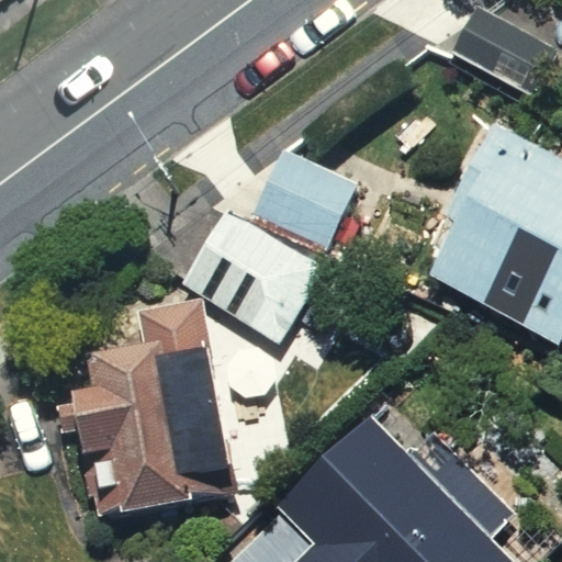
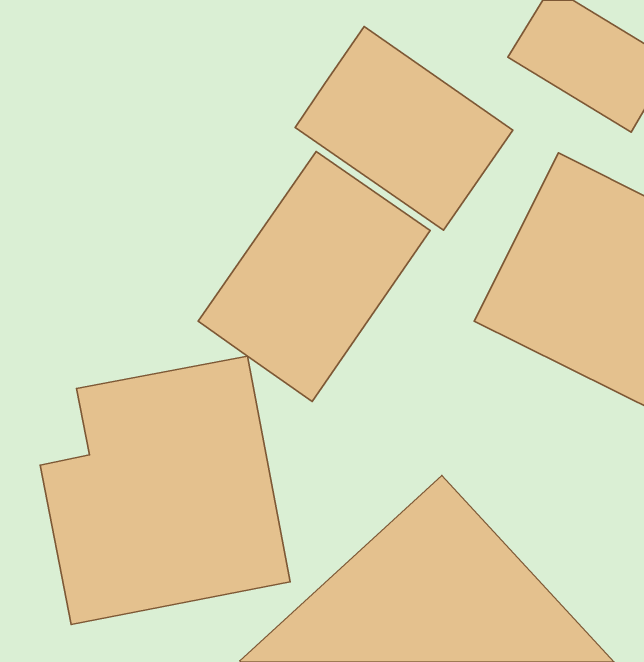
building: none -> [295,26,513,230]

